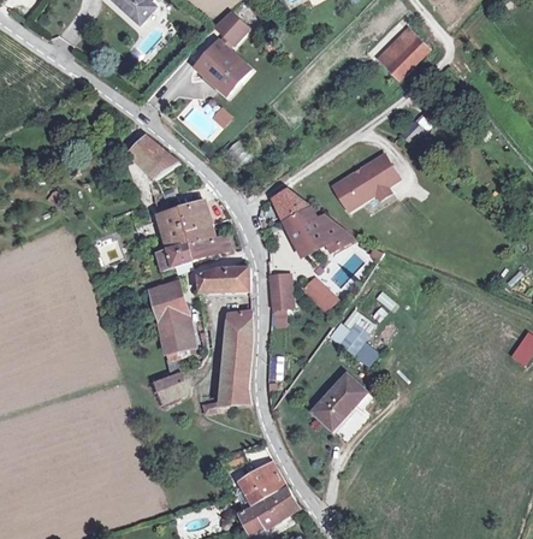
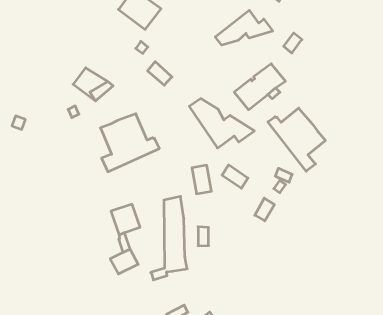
building: none -> [215,10,273,45]
building: none -> [268,108,325,171]
building: [195,266,248,294] -> none
building: [149,282,186,321] -> none
building: [312,374,366,430] -> none

